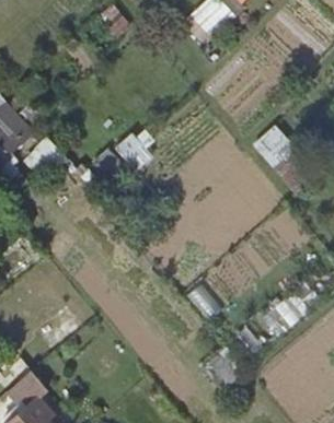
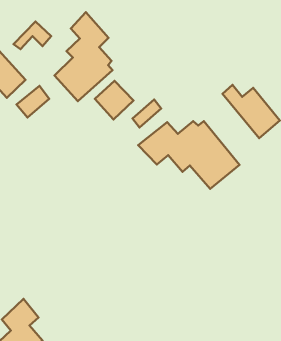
building: none -> [54,12,112,101]
building: none -> [138,121,239,189]

